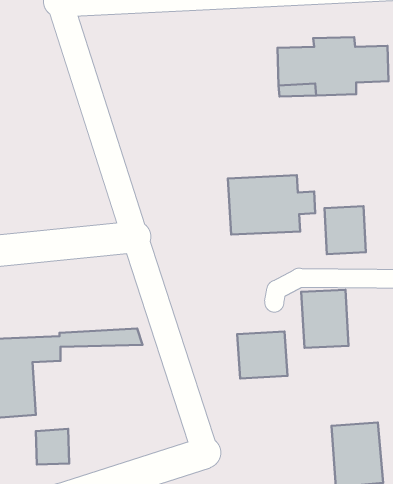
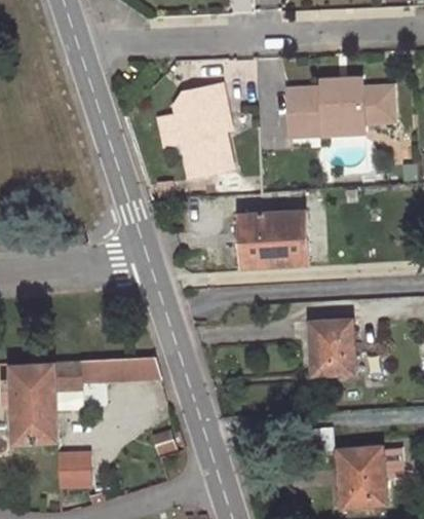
building: none -> [160,84,230,176]
building: [325,206,366,254] -> none
building: [237,331,287,378] -> none

